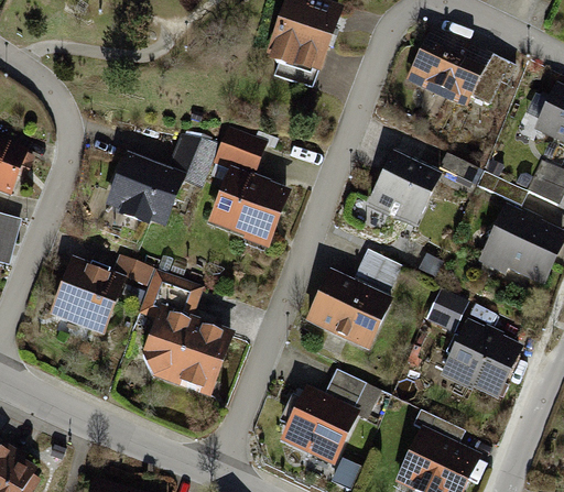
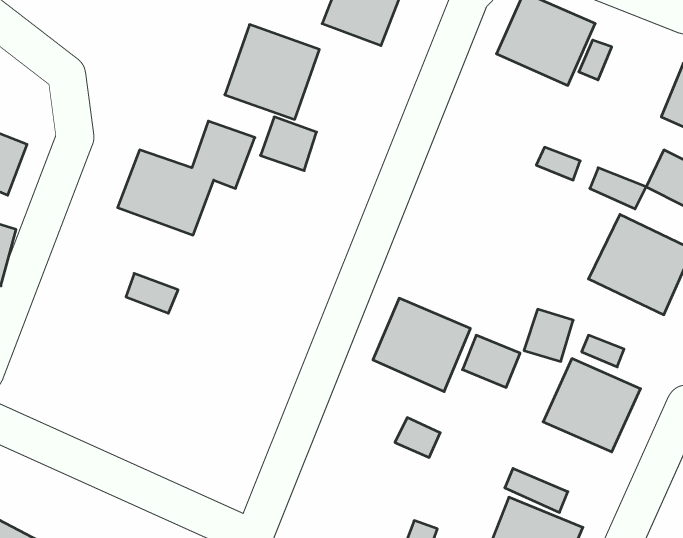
building: [368,158,433,228] -> none
building: [210,171,286,247] -> [225,25,319,119]
building: [357,250,403,292] -> [462,335,520,387]
building: [55,264,121,330] -> none
building: [147,272,199,315] -> none
building: [140,311,230,393] -> none
building: [283,389,354,456] -> none

